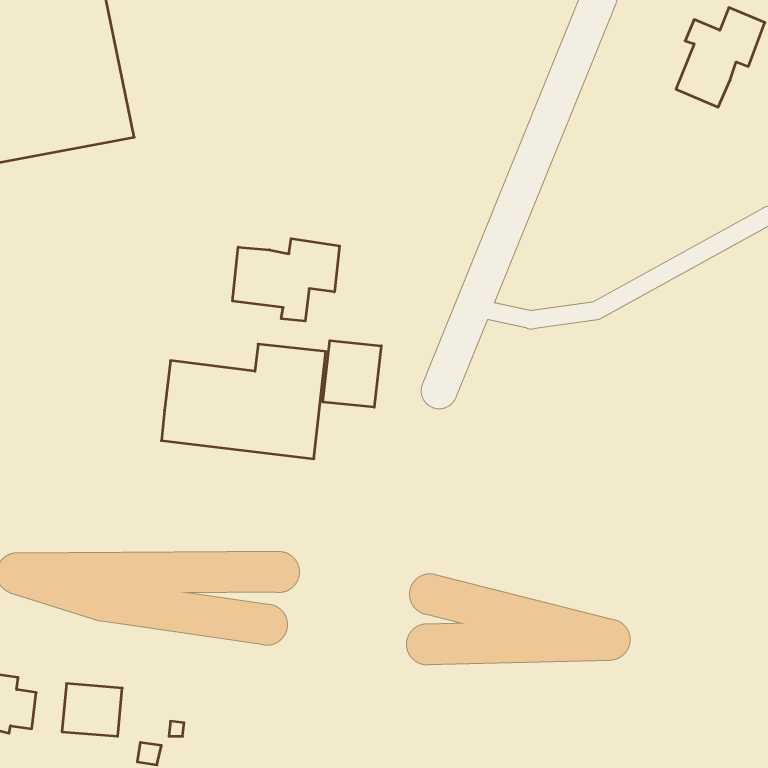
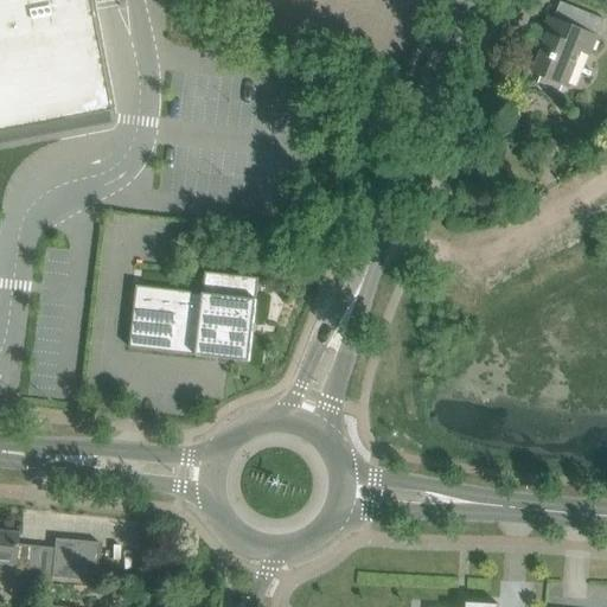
building: [233,239,340,321] -> none
building: [323,341,381,407] -> none

